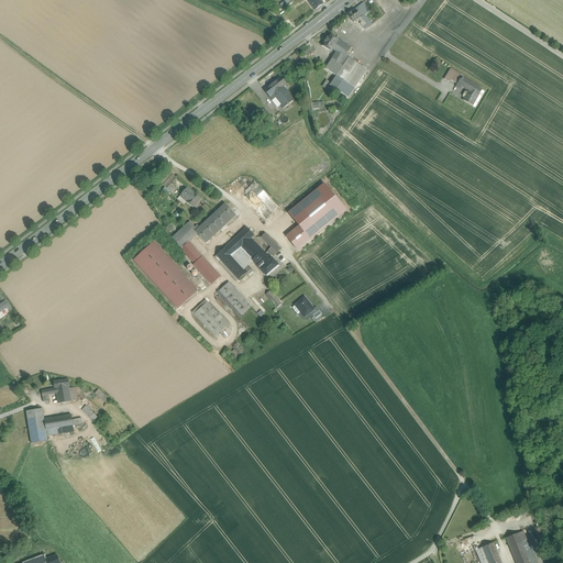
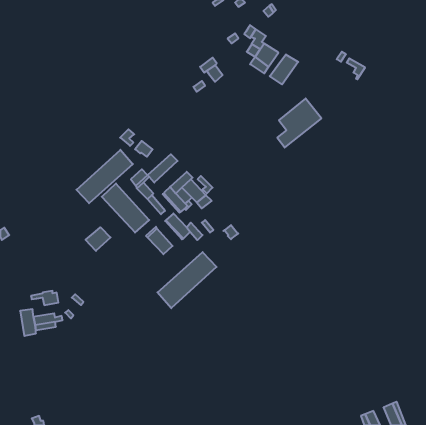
building: none -> [270,54,298,84]
building: [287,183,345,247] -> [277,98,321,148]
building: none -> [76,150,133,203]
building: none -> [86,227,111,251]
building: none -> [157,252,217,308]

